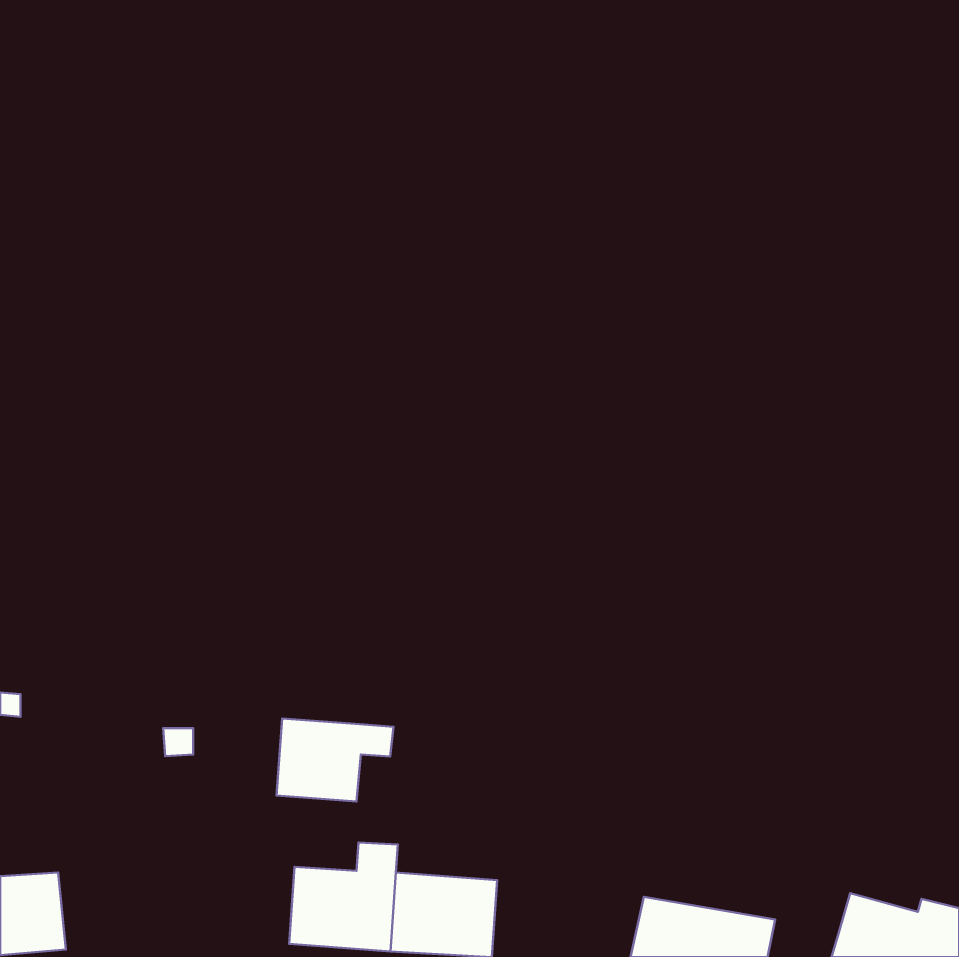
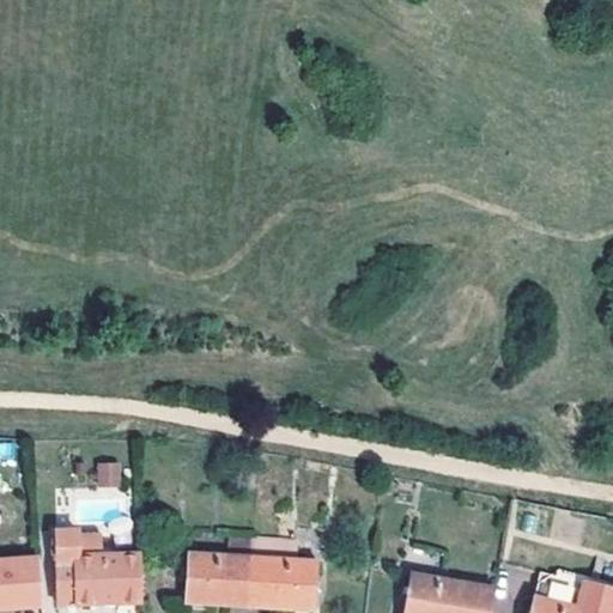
building: [277,718,393,801] -> none
building: none -> [56,536,140,605]

